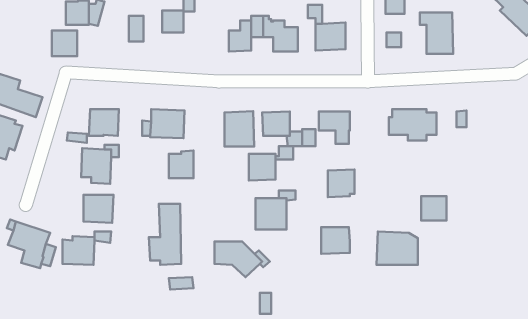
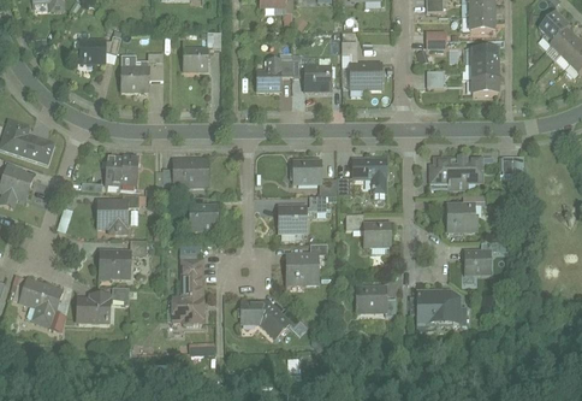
building: [52,31,77,56] -> [120,65,148,93]
building: [225,111,254,146] -> none
building: none -> [446,202,477,234]

